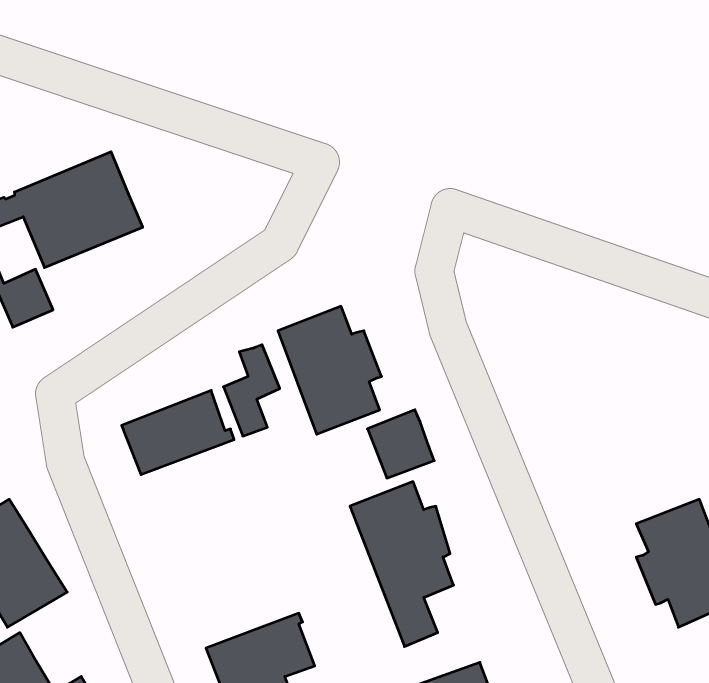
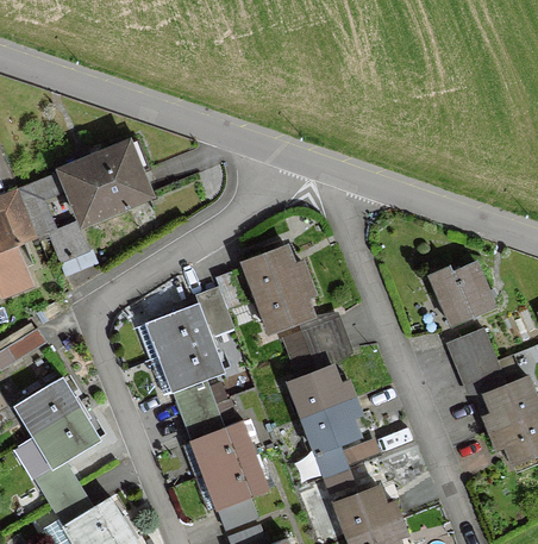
building: none -> [434,263,490,325]
building: none -> [452,329,517,390]
building: none -> [149,337,221,394]
building: none -> [175,383,229,433]
building: none -> [180,420,256,479]

